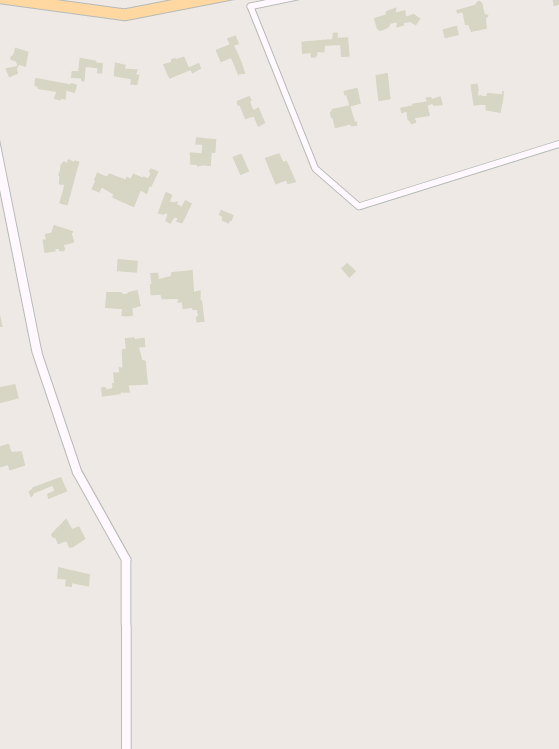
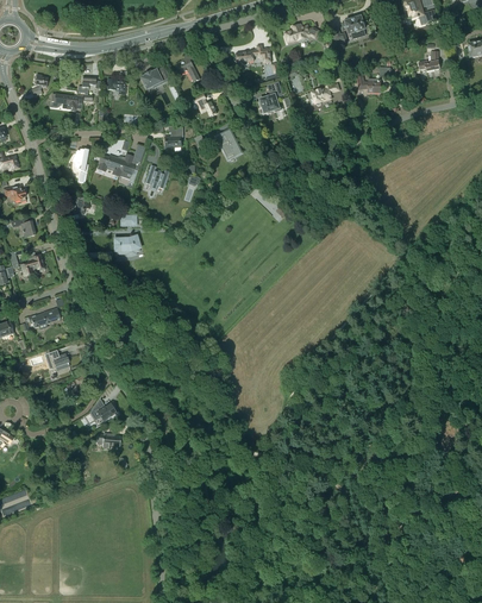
building: [149,269,206,323] -> none
building: [100,337,149,398] -> none

